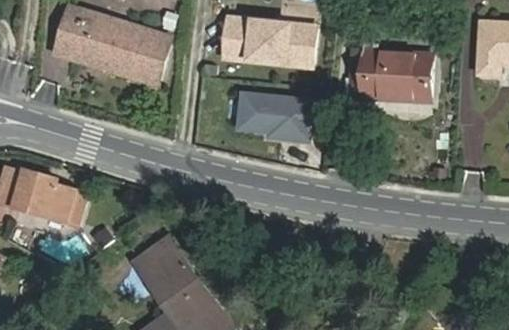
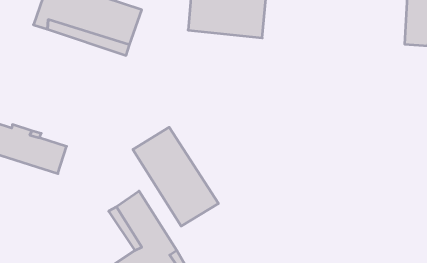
building: [348,47,431,102] -> none
building: [238,93,328,139] -> none
building: none -> [133,127,218,226]

